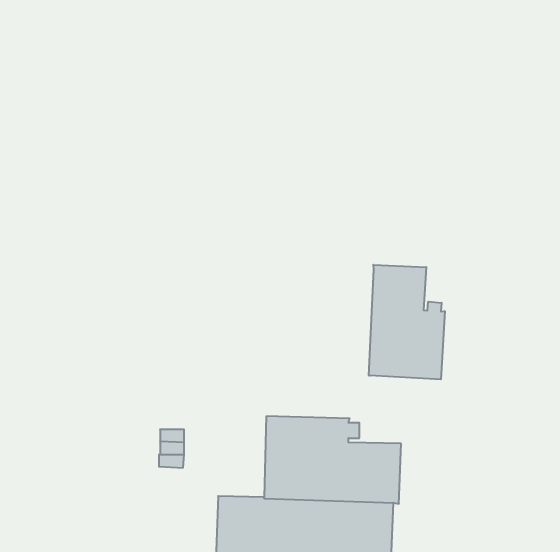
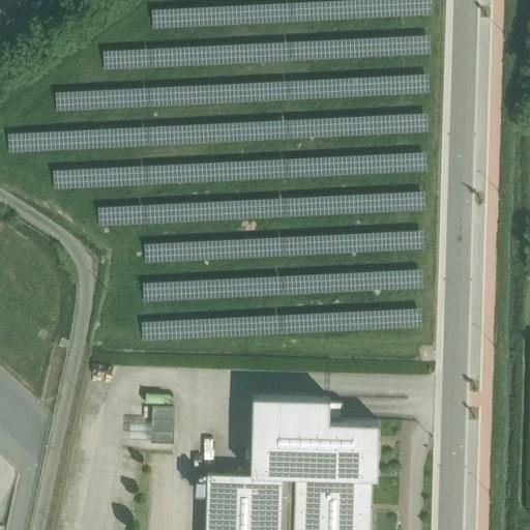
building: [369,265,445,379] -> none

